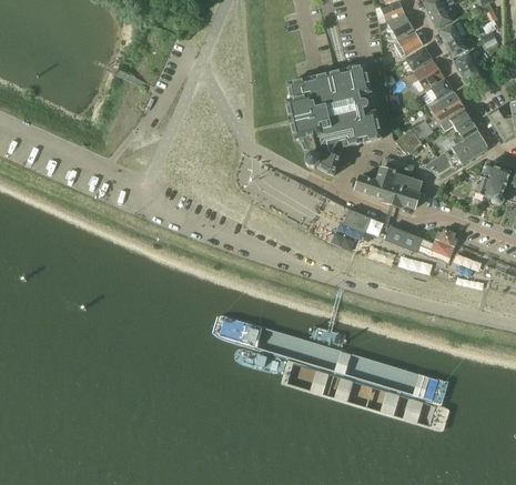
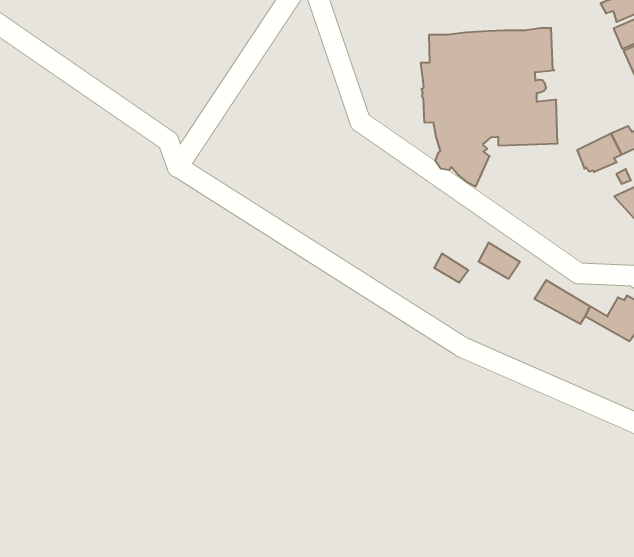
building: [356,156,426,208] -> none

